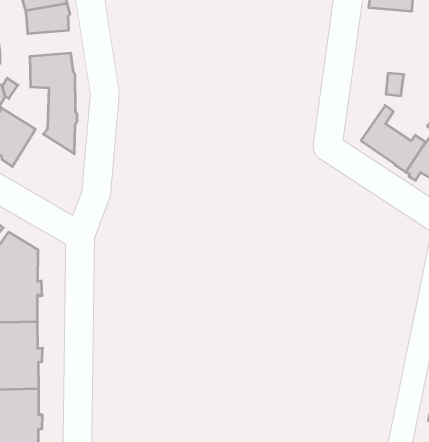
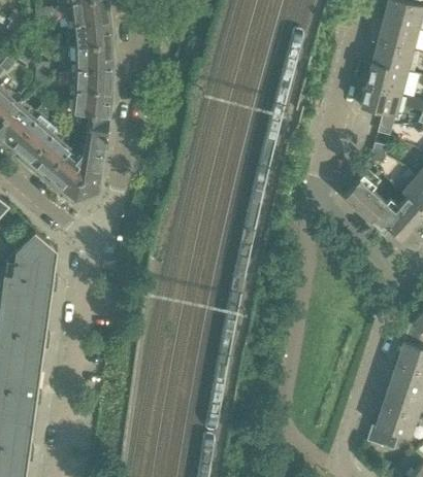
building: none -> [359,87,401,138]
building: none -> [58,67,109,89]
building: none -> [45,148,99,202]

